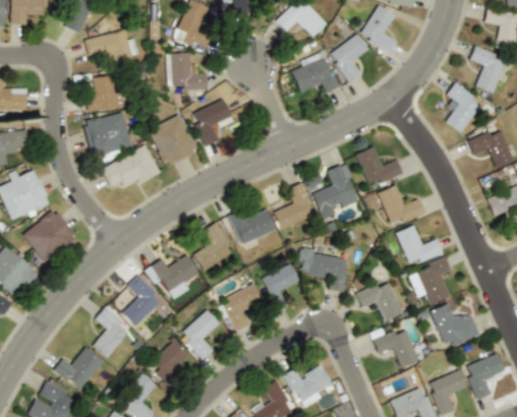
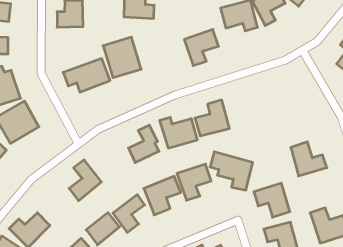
building: [190,99,234,146] -> [184,29,219,66]
building: [83,112,131,160] -> none
building: [355,144,403,188] -> none
building: [312,163,361,218] -> none
building: [377,183,424,228] -> none
building: [145,255,198,300] -> none
building: [407,257,452,306] -> none
building: [89,308,131,359] -> none

